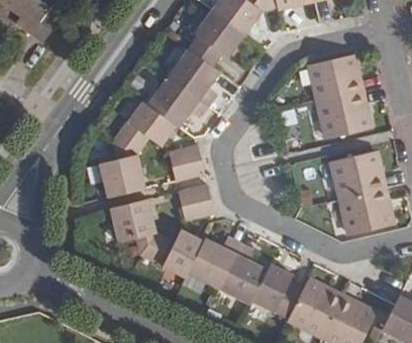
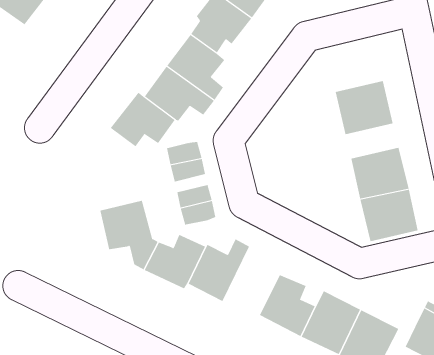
building: [309,54,362,101] -> none
building: [98,133,145,197] -> none
building: [218,239,267,305] -> none

